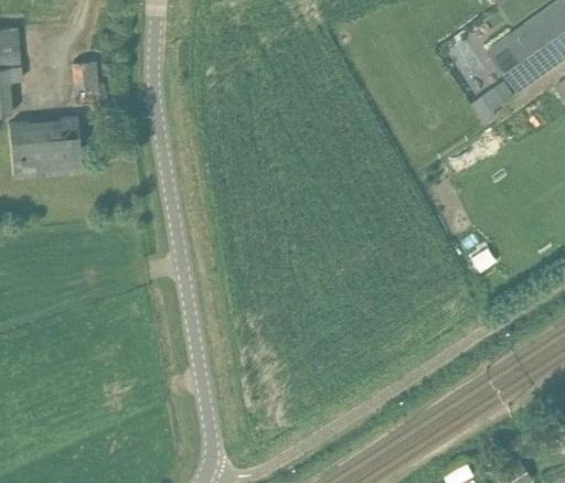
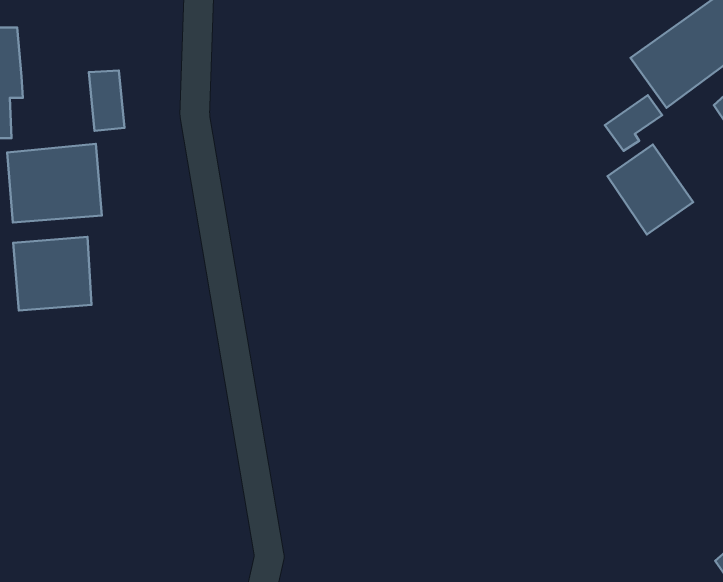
building: none -> [608,144,693,234]
building: none -> [13,237,91,311]

